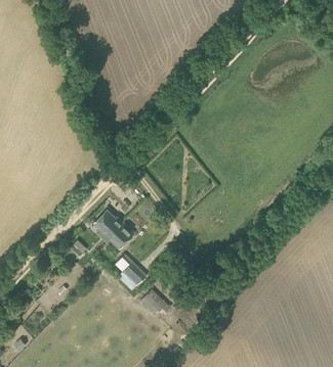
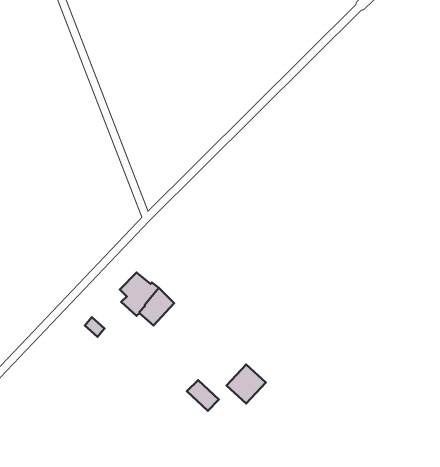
building: [118,261,147,289] -> [227,365,266,404]

